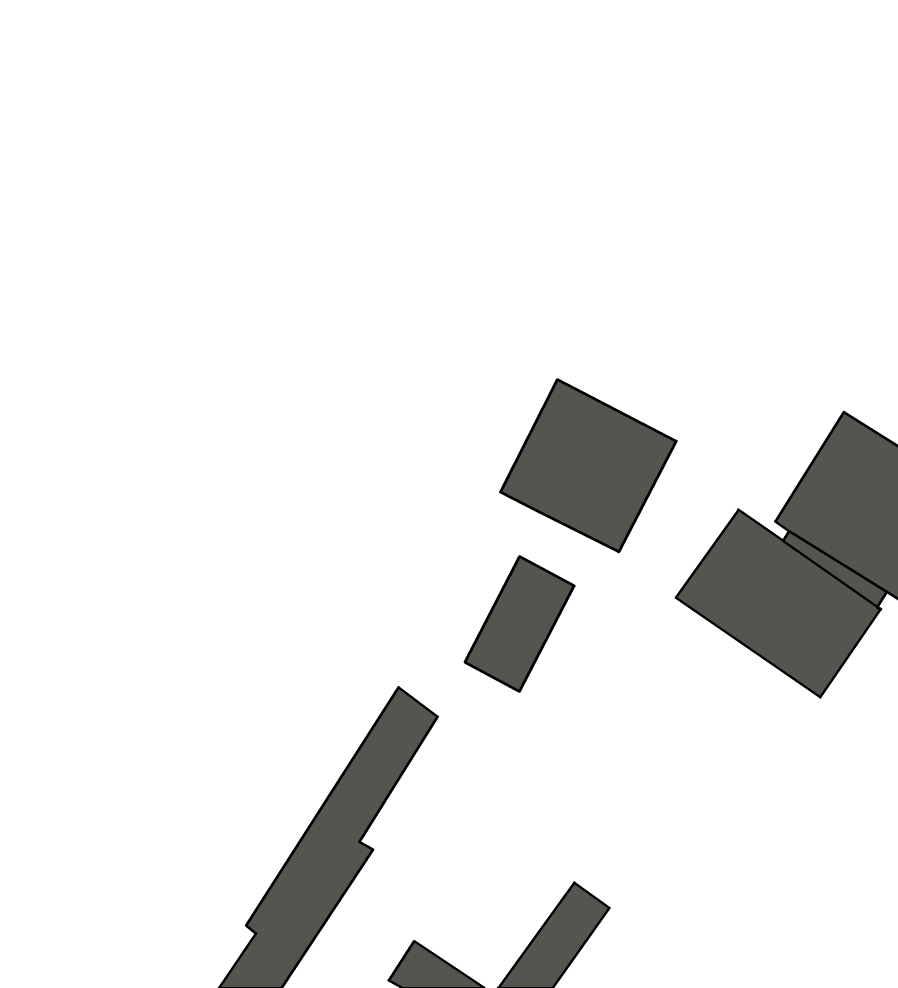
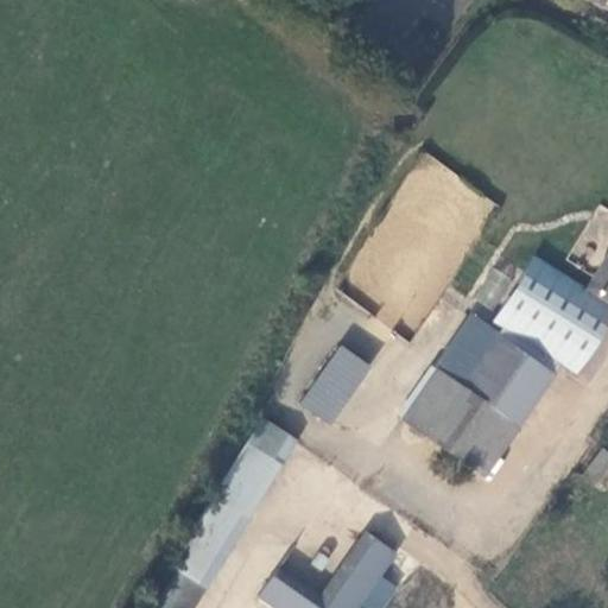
building: [500,380,676,552] -> none
building: none -> [398,367,521,479]

